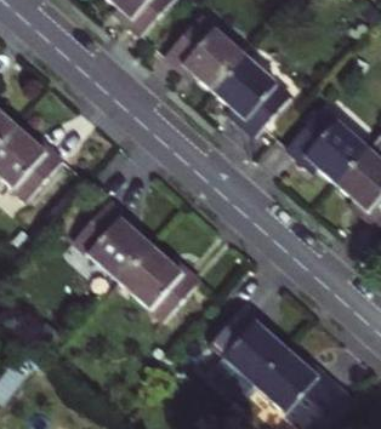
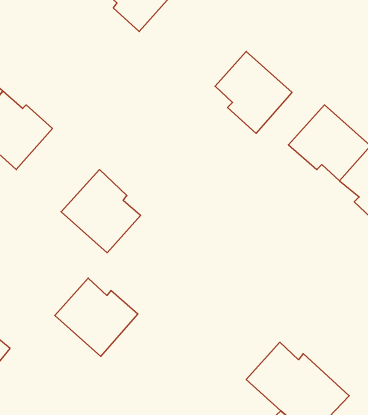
building: [175,28,255,102] -> none
building: [119,228,200,304] -> [55,278,138,356]
building: [211,307,288,388] -> none

